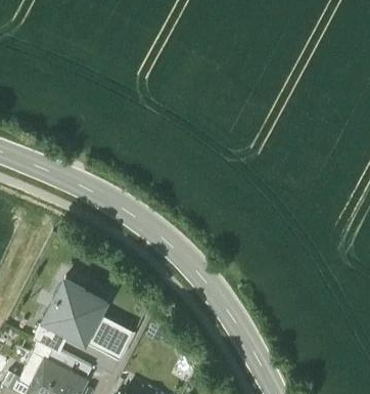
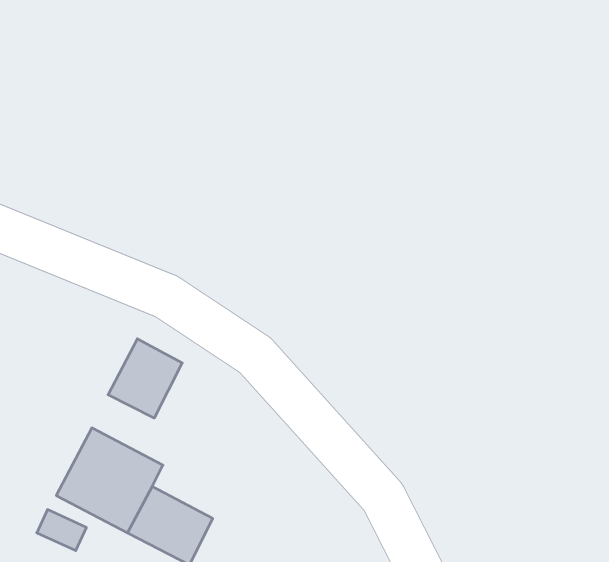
building: none -> [108,339,182,418]

